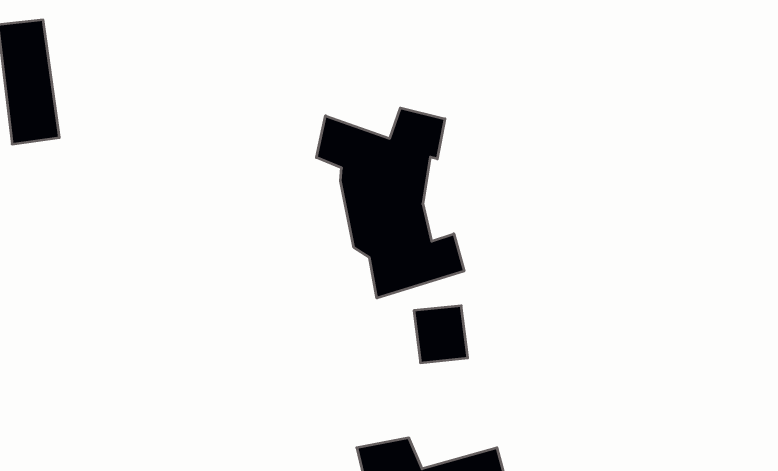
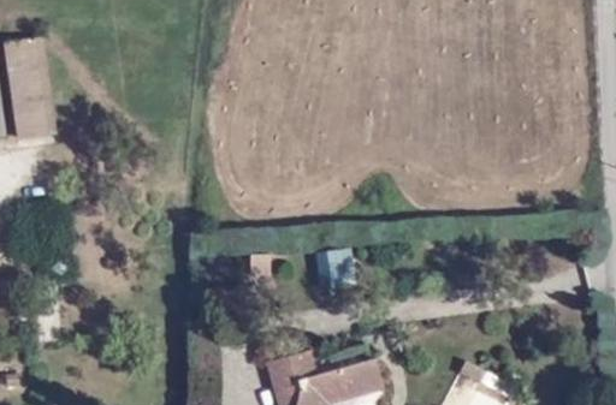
building: [316,108,464,298] -> none

